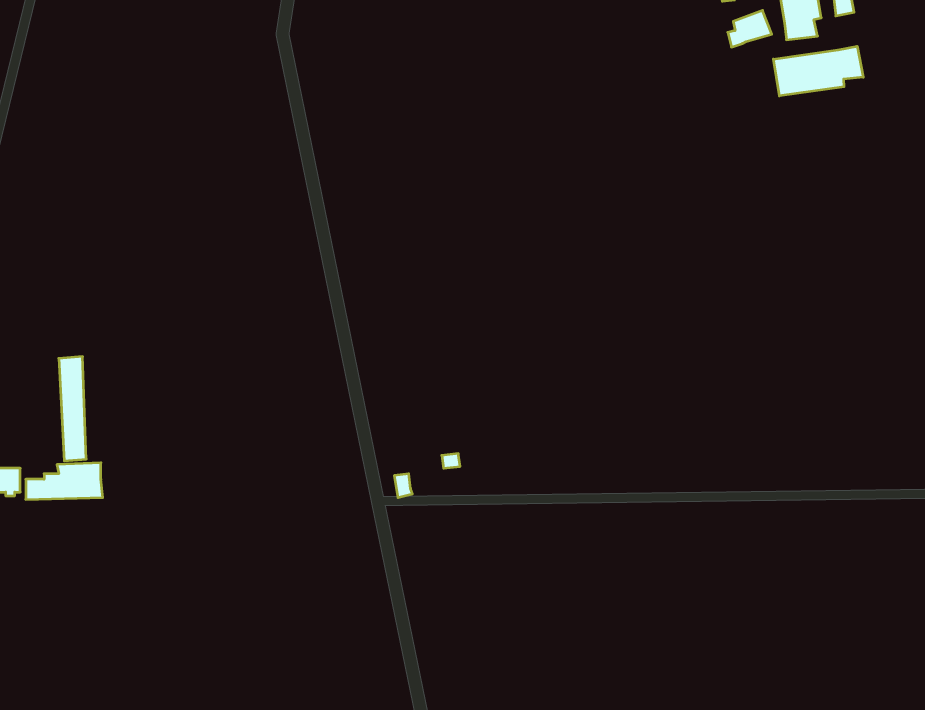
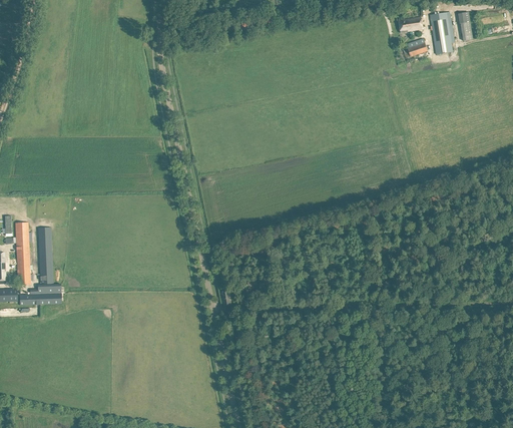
building: [773,46,863,96] -> none
building: none -> [15,222,33,285]

